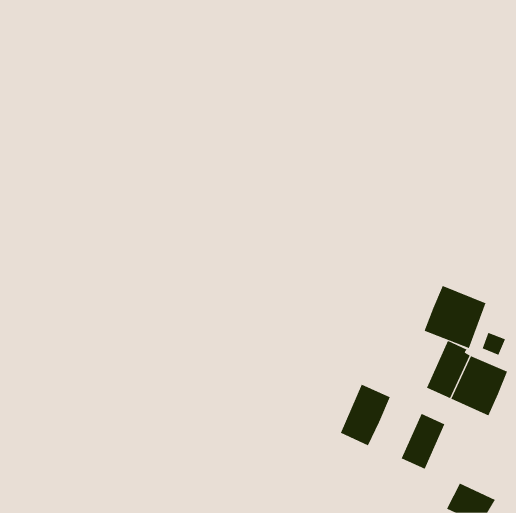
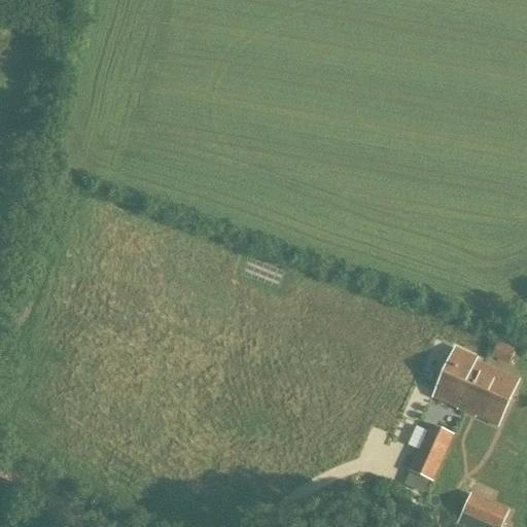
building: [424,285,486,349] -> none
building: [340,384,391,446] -> none

